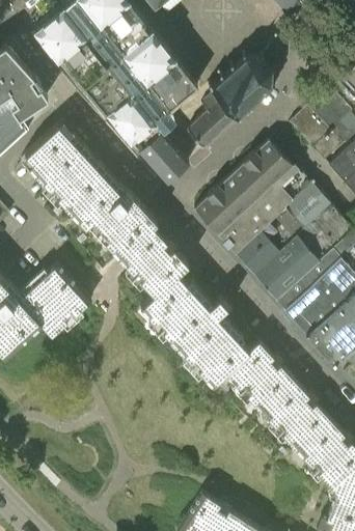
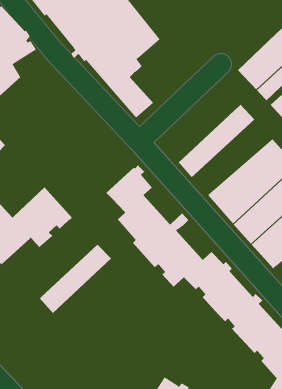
building: [186,54,275,148] -> none
building: [21,121,156,258] -> none
building: [193,141,291,235] -> none
building: [234,184,331,275] -> none
building: none -> [39,244,112,314]

